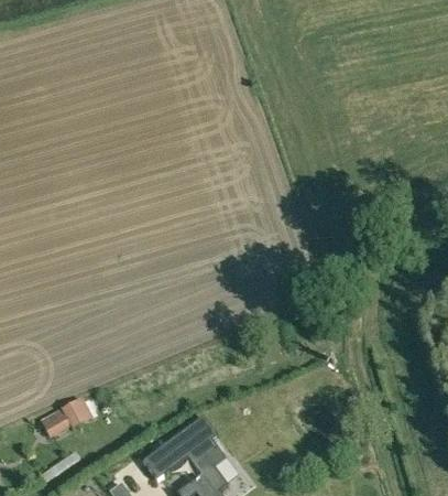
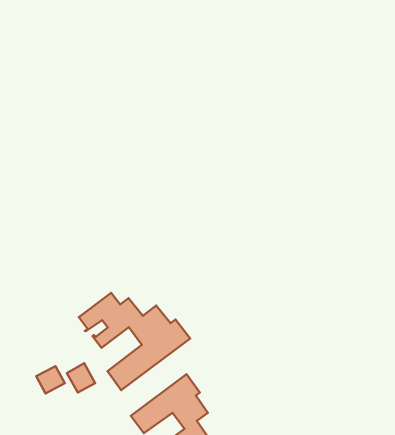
building: none -> [79,293,190,390]

